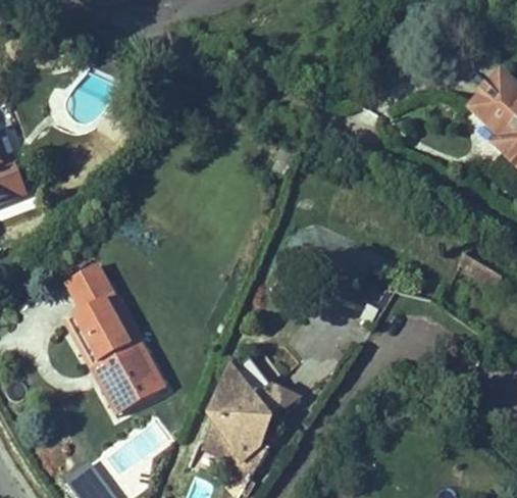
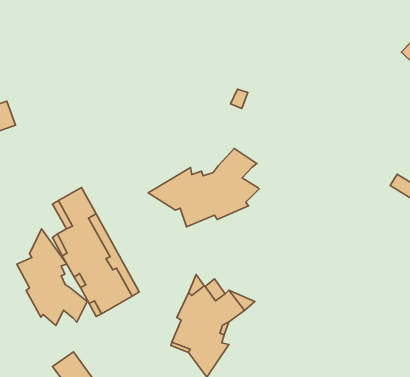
building: none -> [148,148,259,227]
building: none -> [17,229,87,325]

